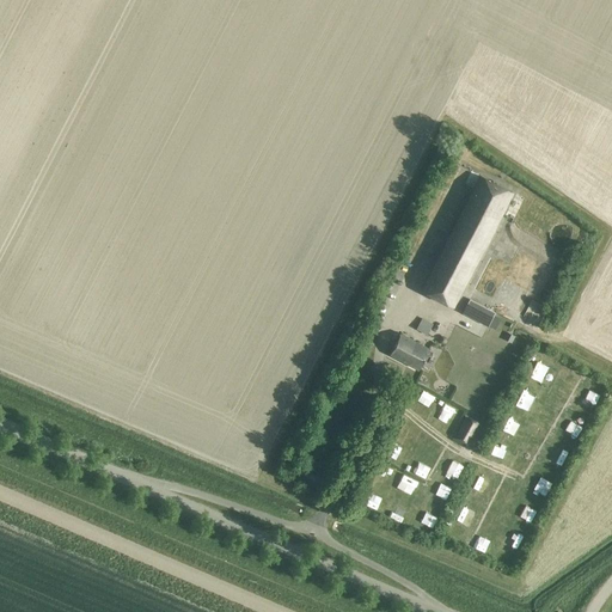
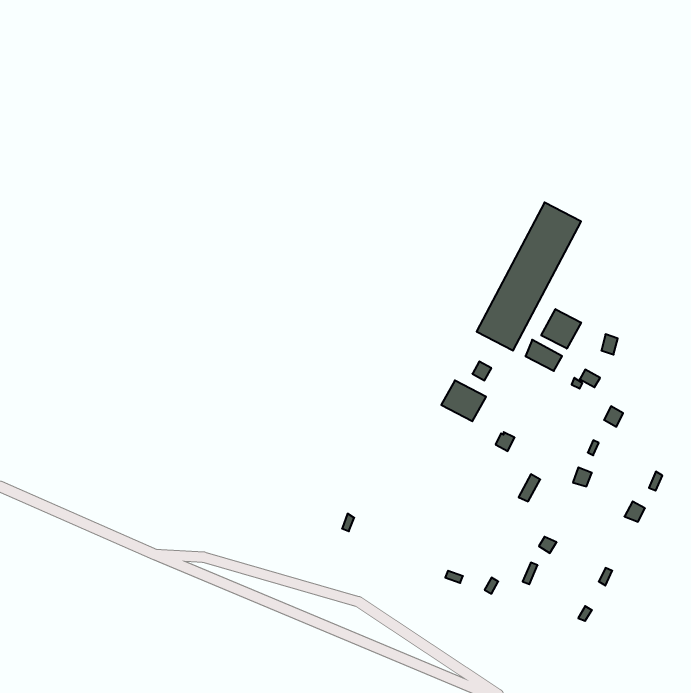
building: none -> [541,309,581,349]

